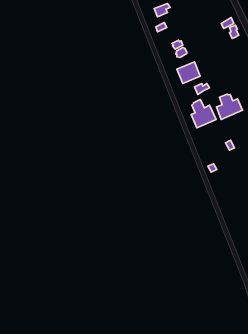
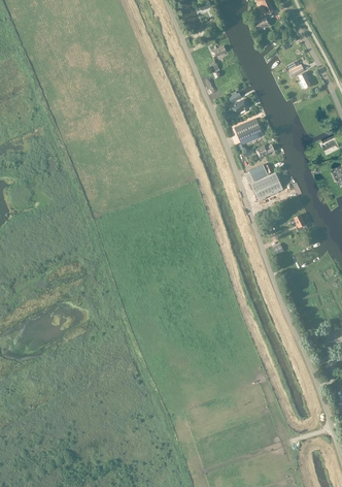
building: [216,94,242,119] -> none

